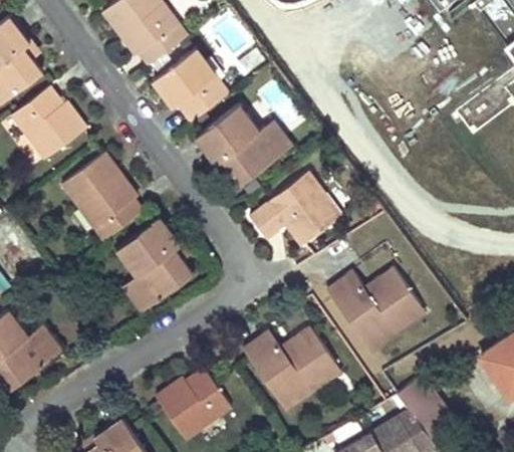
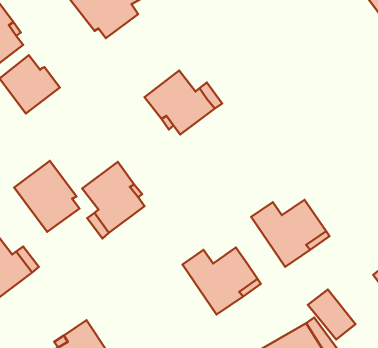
building: [153,50,227,122] -> none
building: [63,152,145,240] -> [14,161,80,232]
building: [248,172,340,245] -> none
building: [156,371,232,442] -> none

